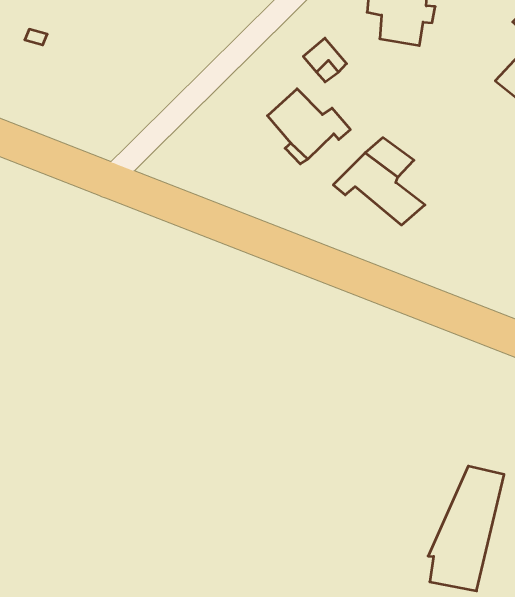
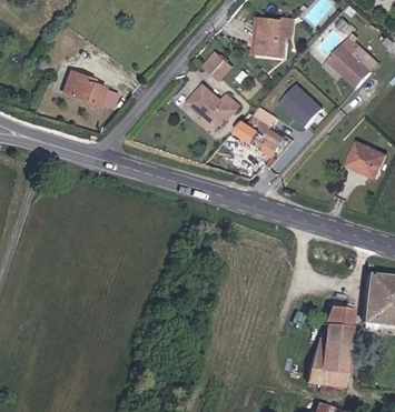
building: none -> [61,68,105,100]
building: none -> [282,77,326,121]

